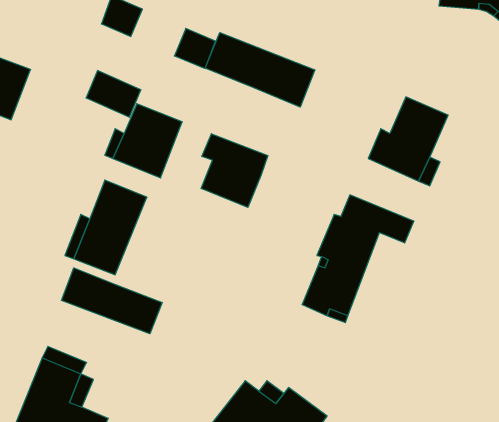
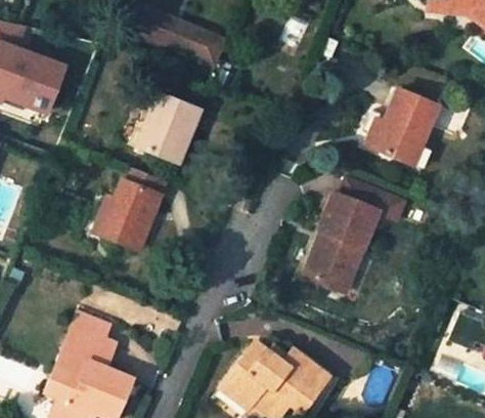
building: [205,33,315,107] -> none
building: [86,71,141,117] -> [151,12,201,54]
building: [201,134,268,207] -> none
building: [62,268,162,334] -> none

